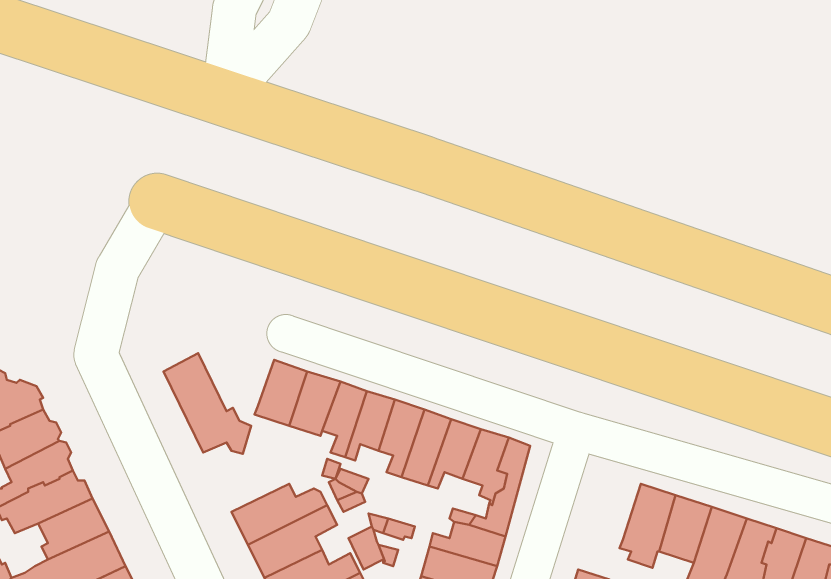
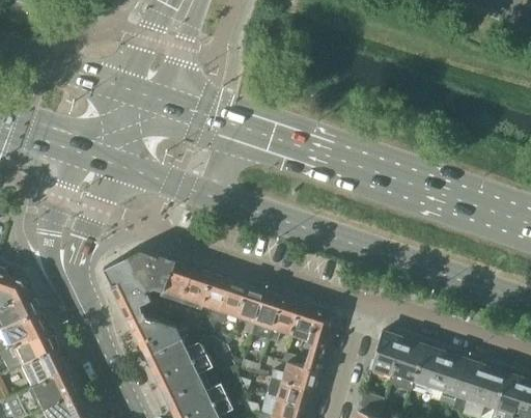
building: none -> [125,250,173,294]
building: none -> [129,313,183,357]
building: none -> [371,331,403,374]

